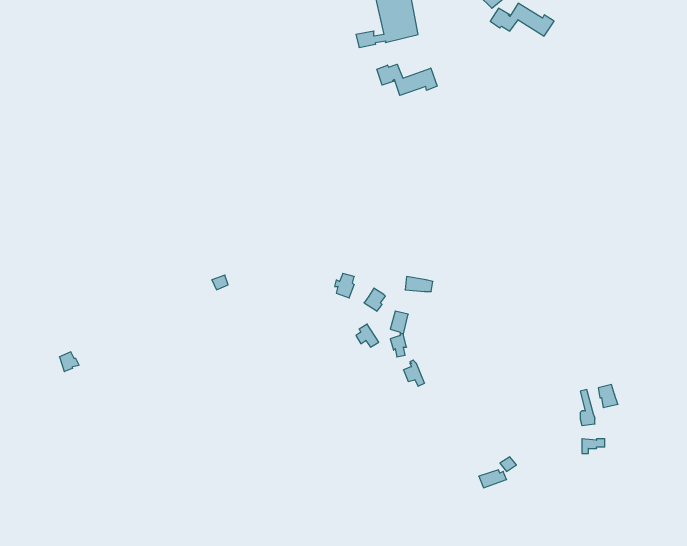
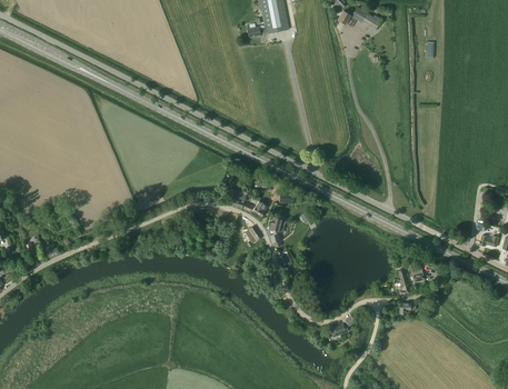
building: [377,64,437,95] -> none

